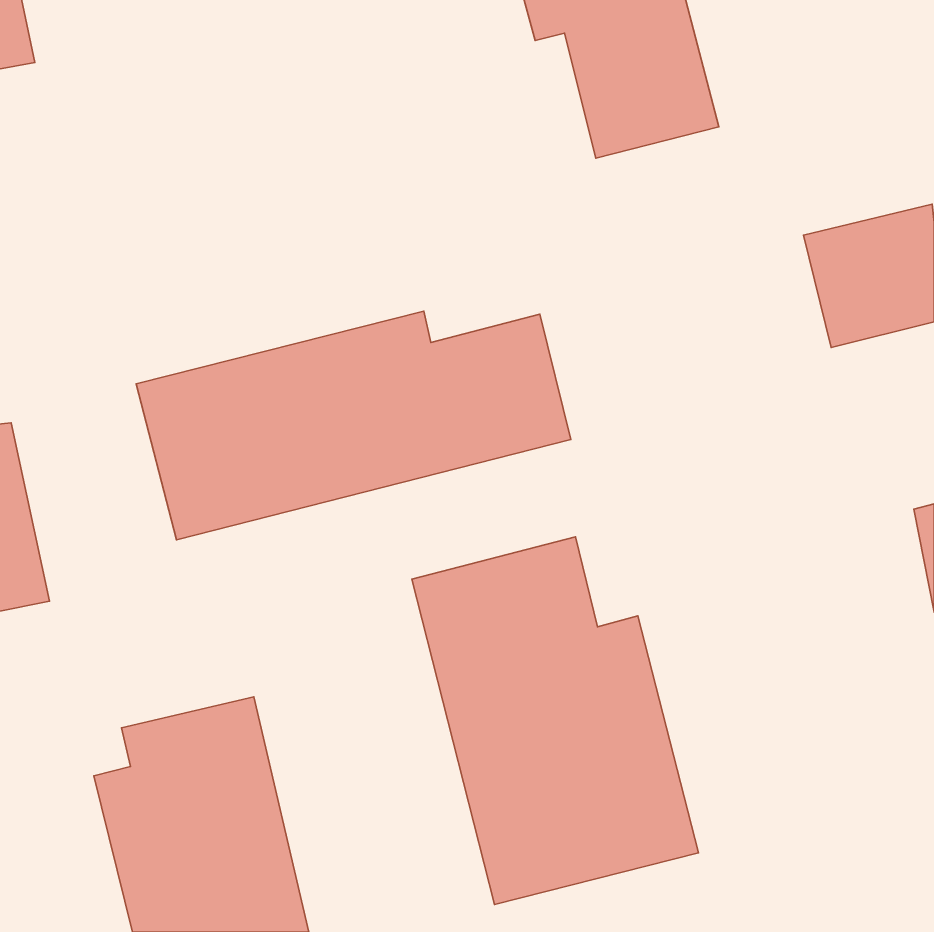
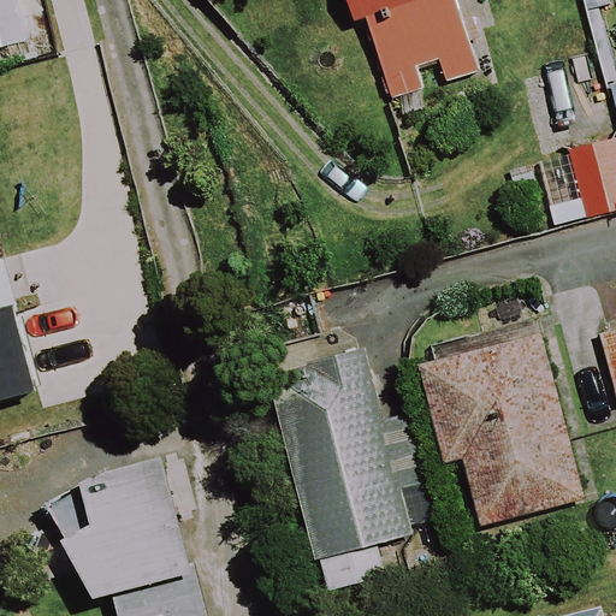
building: [136,311,571,540] -> none
building: none -> [417,332,580,525]

